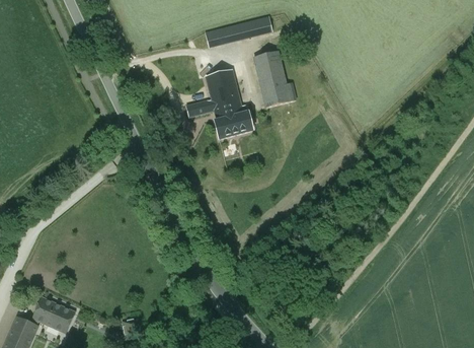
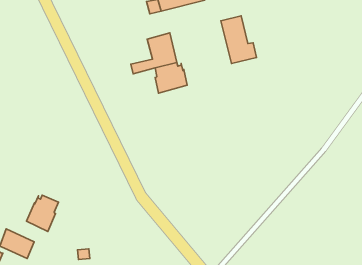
building: [254,51,296,107] -> [221,16,257,64]
building: none -> [27,195,58,231]

